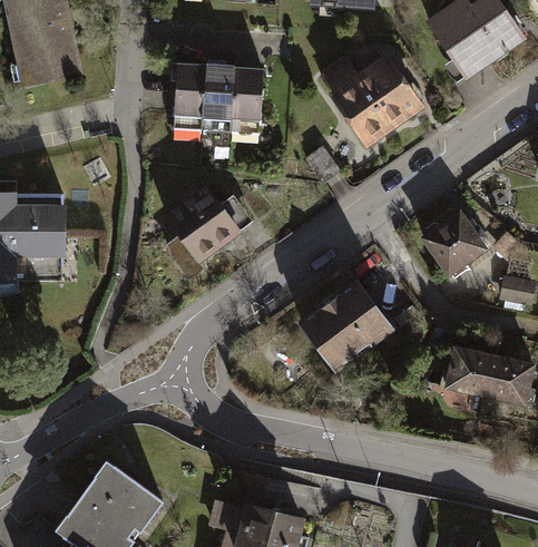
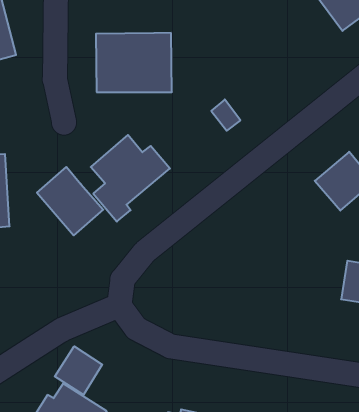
building: [316,53,423,146] -> none
building: none -> [37,167,103,235]
building: [301,286,394,375] -> none
building: none -> [55,346,102,395]

